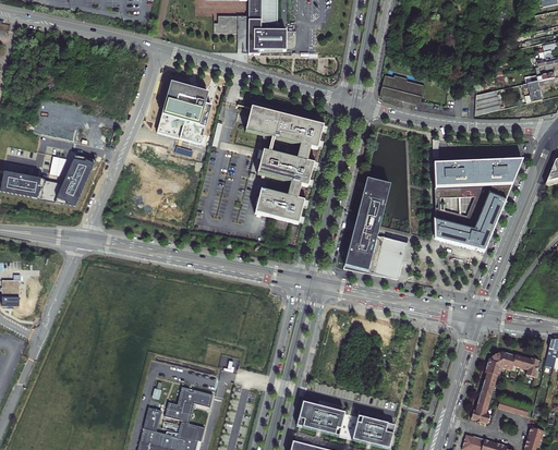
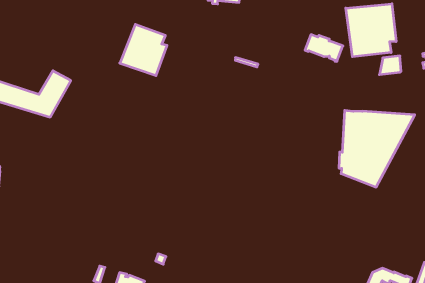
building: none -> [346,4,396,57]
building: [250,108,330,223] -> none
building: [342,179,405,279] -> none

